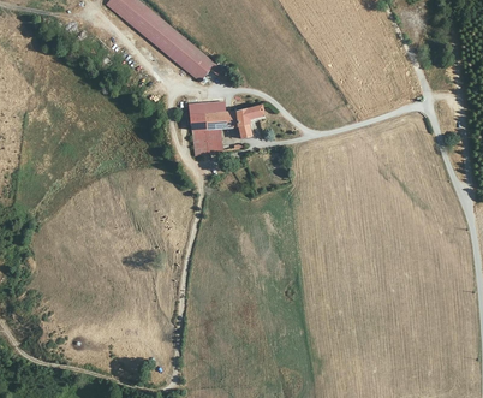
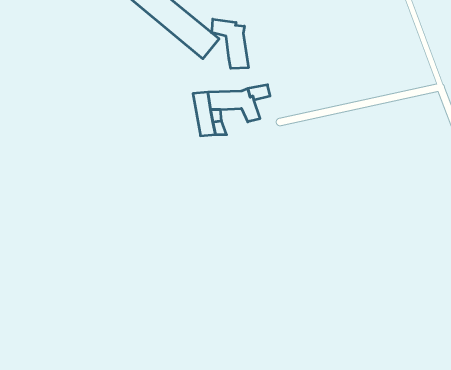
building: none -> [211,19,248,68]

